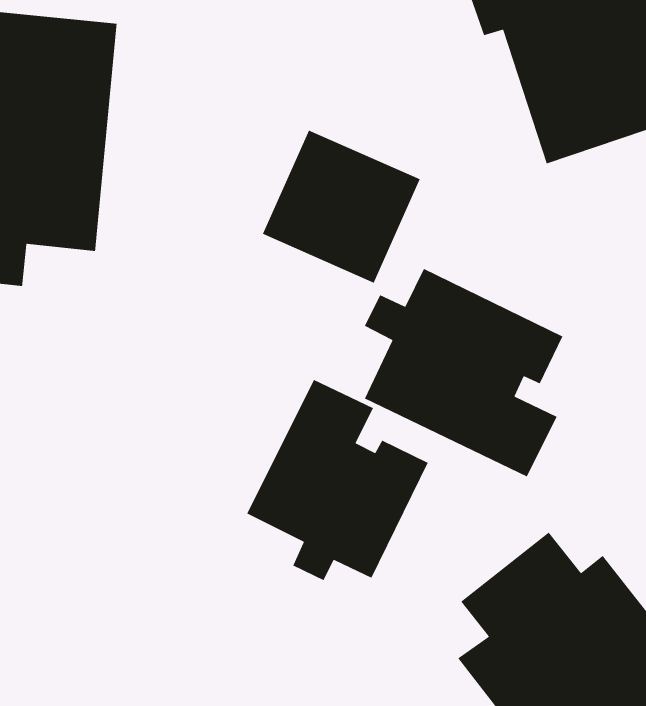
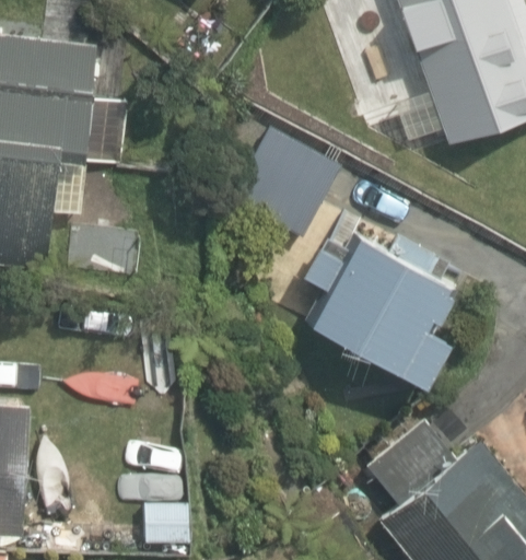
building: [246,379,429,581] -> none

